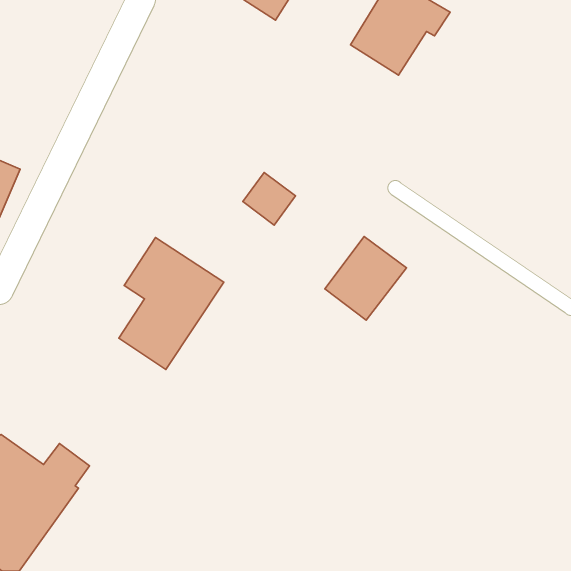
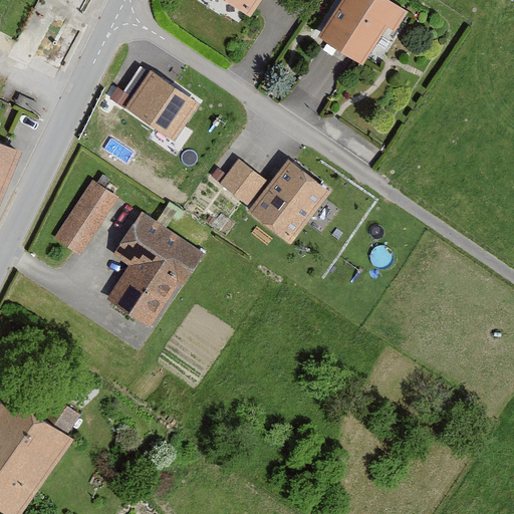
building: none -> [128,71,195,134]
building: none -> [54,180,120,258]
building: [325,236,407,320] -> [252,162,325,237]

